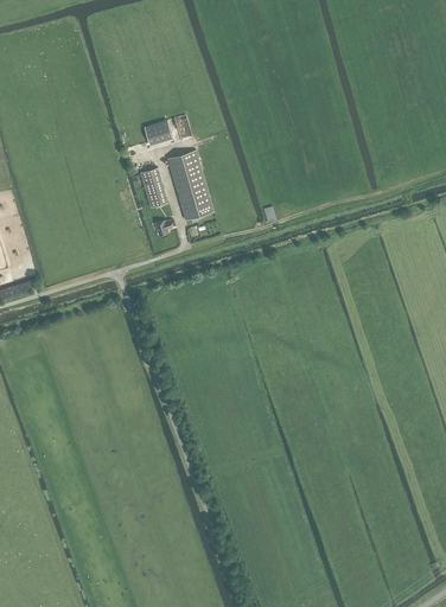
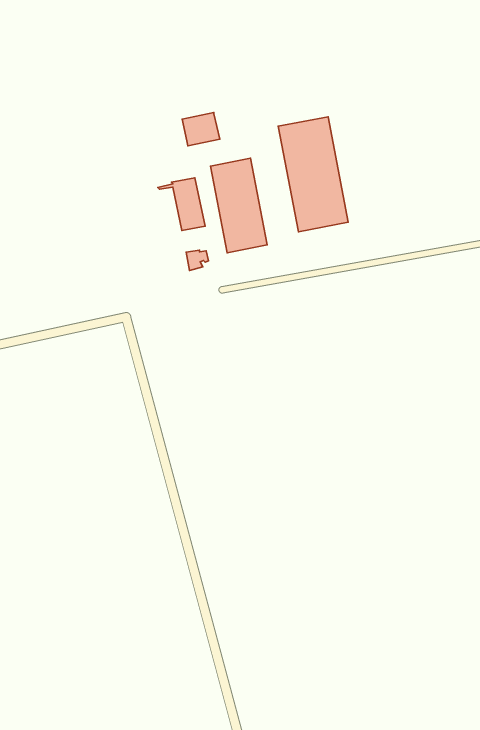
building: none -> [278,117,348,232]

